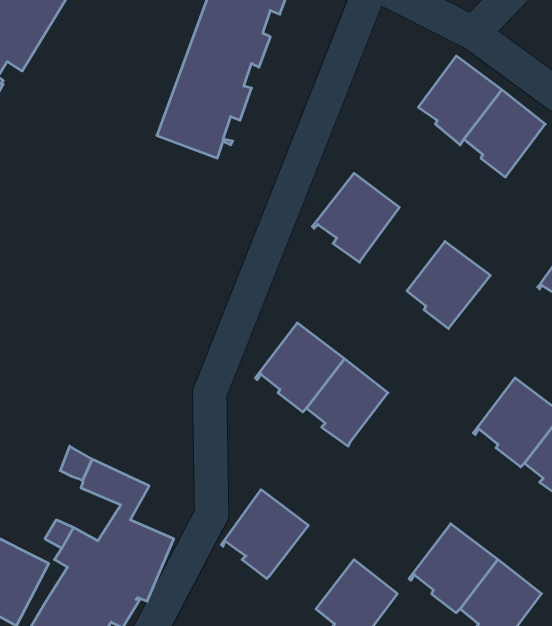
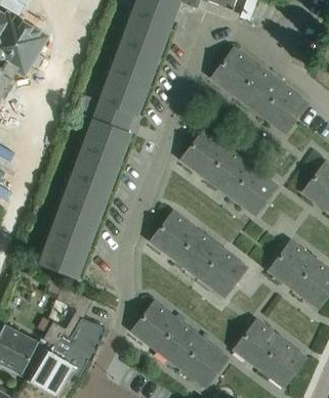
building: none -> [211,49,258,97]
building: none -> [39,110,129,277]
building: none -> [208,149,252,196]
building: none -> [201,250,246,297]
building: none -> [158,321,203,368]

